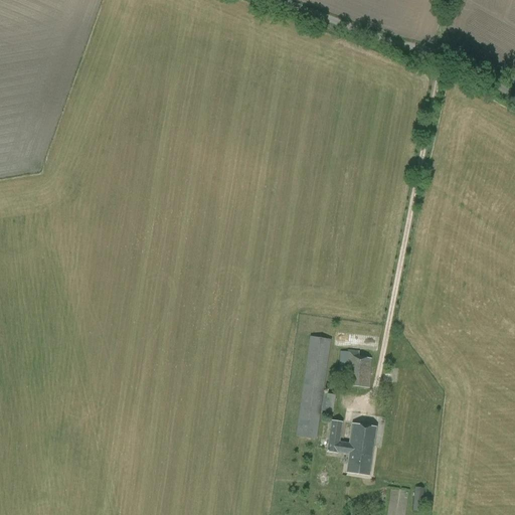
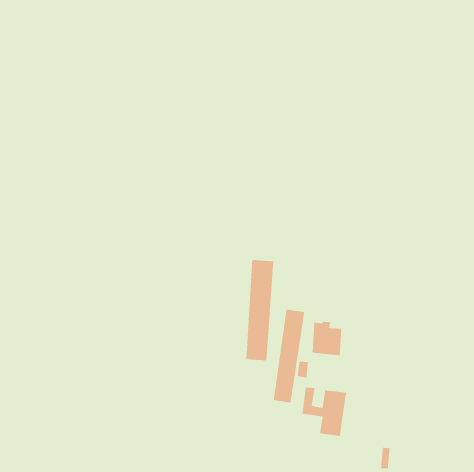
building: none -> [246,259,274,361]

